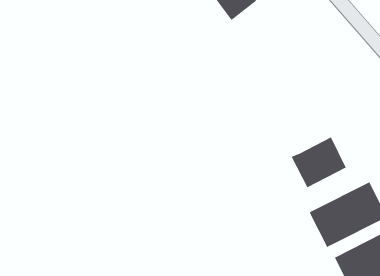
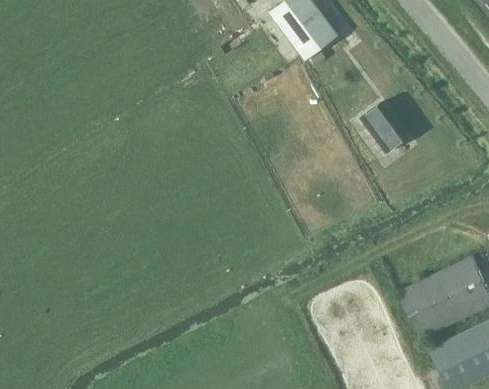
building: none -> [362,98,411,150]
building: [291,136,347,188] -> none

